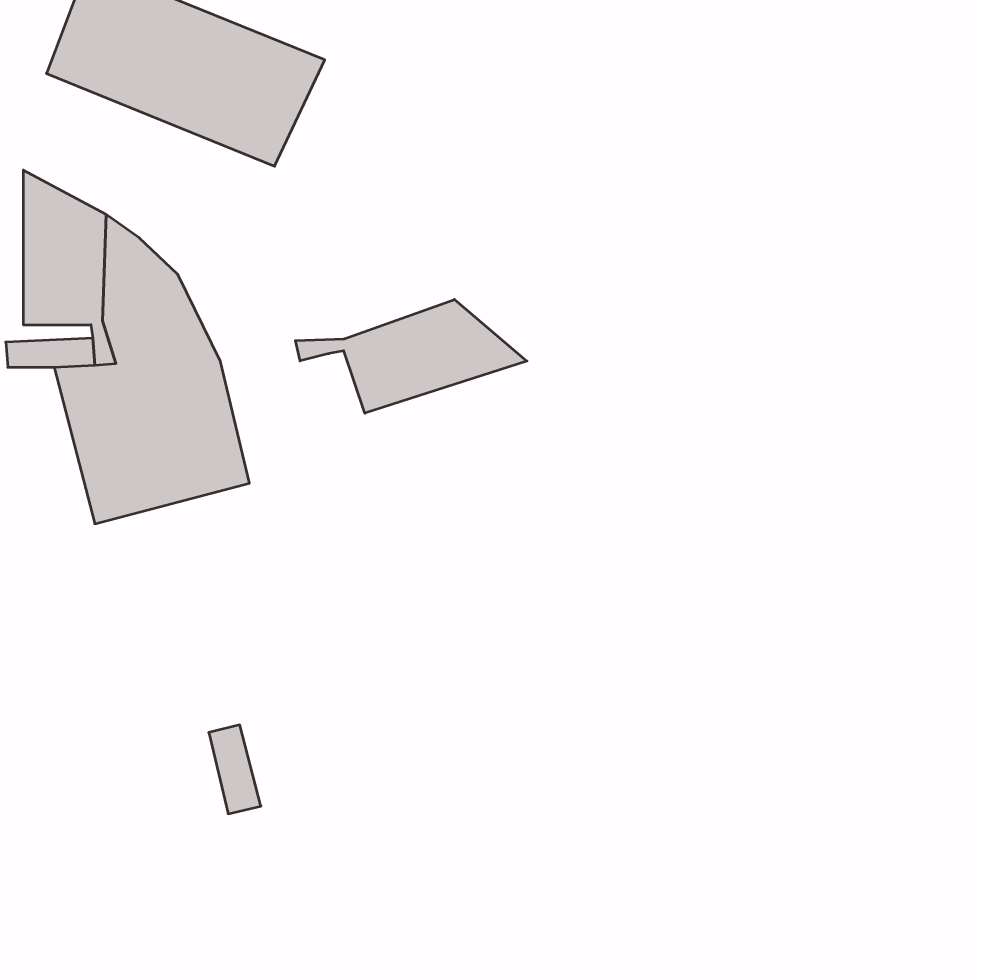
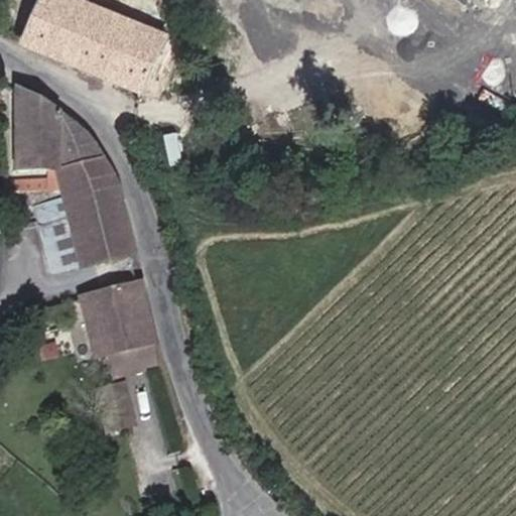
building: [295,299,527,413] -> none
building: none -> [80,283,159,374]

